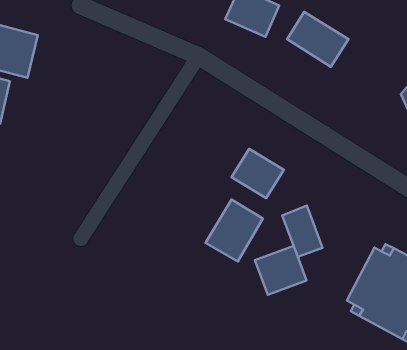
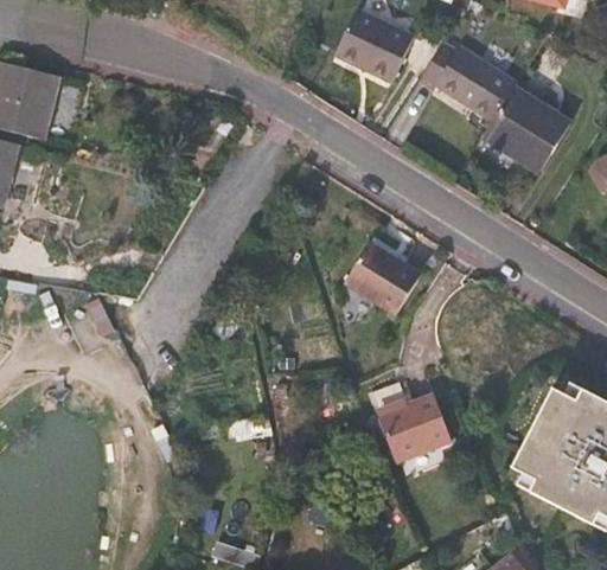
building: none -> [487,84,570,168]
building: [206,200,263,261] -> none
building: [282,205,323,257] -> none

